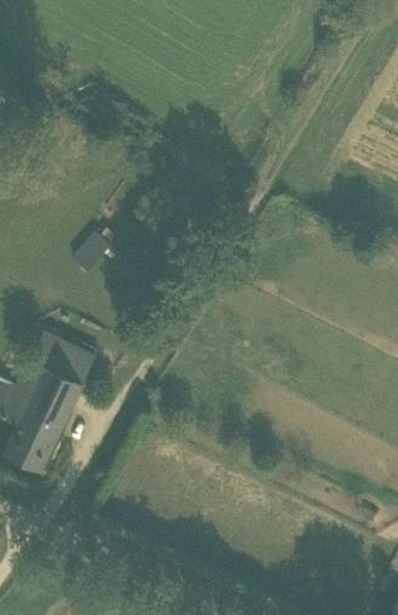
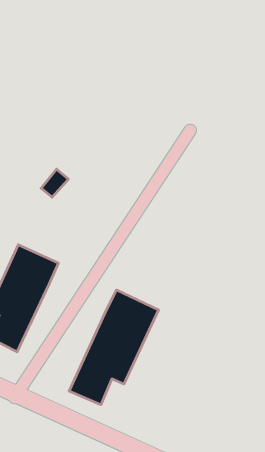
building: none -> [69,290,158,405]

